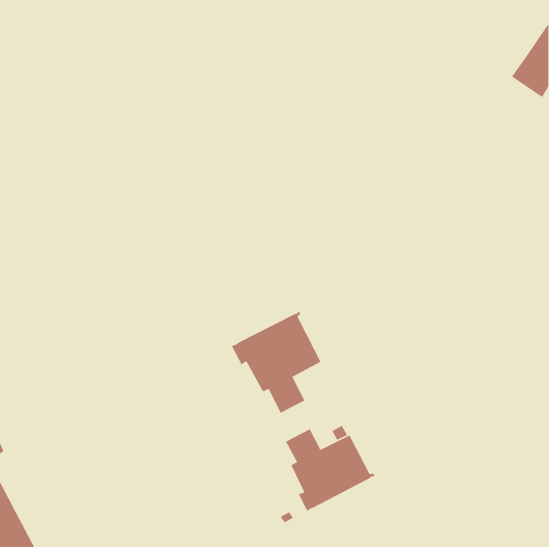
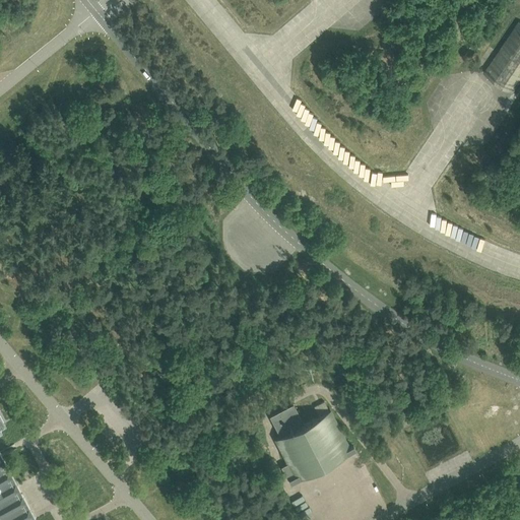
building: [231,311,324,413] -> none

